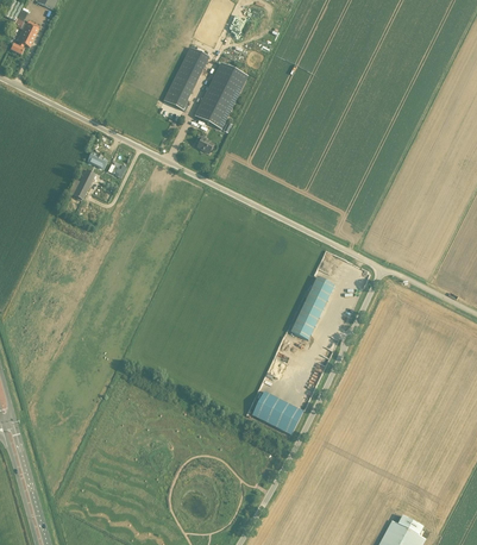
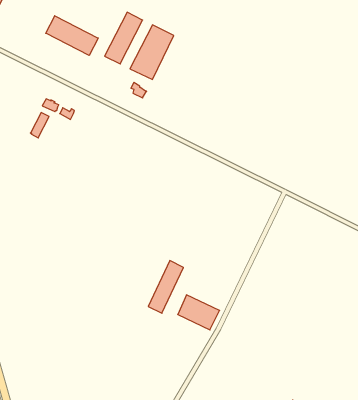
building: none -> [46,16,98,55]
building: [291,275,334,339] -> [148,261,183,313]

